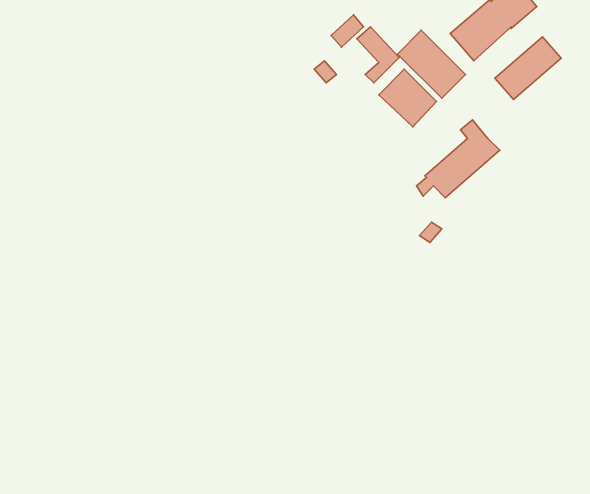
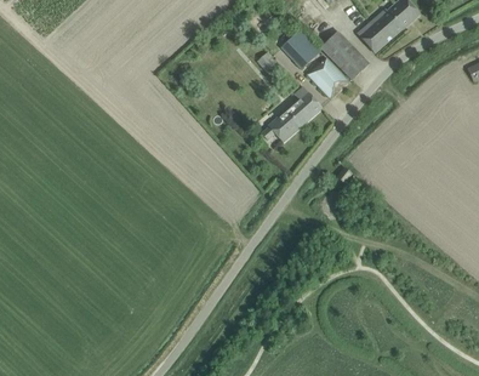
building: [495,37,561,100] -> none
building: [416,120,500,198] -> [262,85,321,141]

